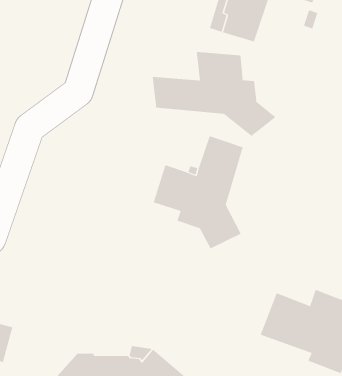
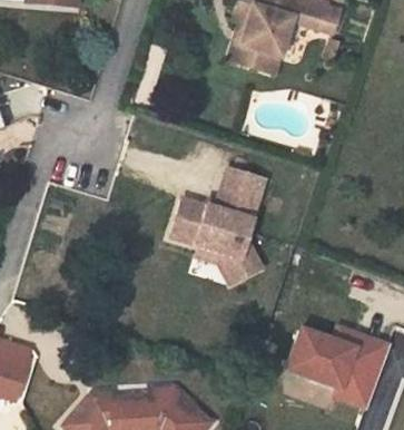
building: [152,51,276,137] -> none

